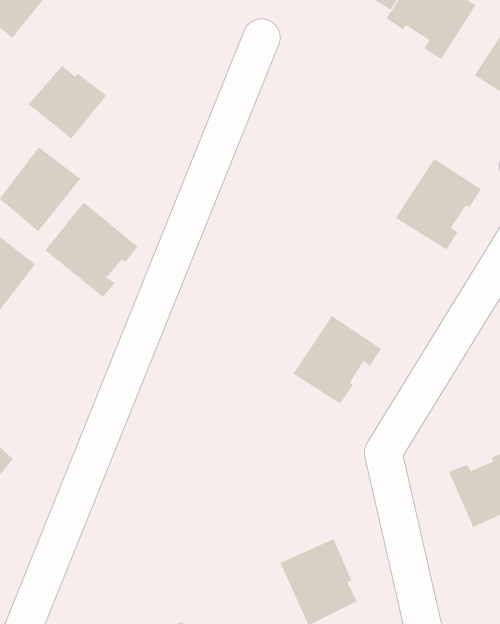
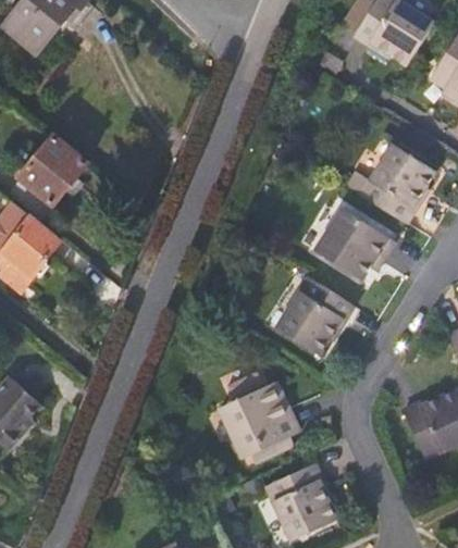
building: [28,65,107,139] -> none
building: [44,202,139,298] -> none
building: none -> [313,211,392,283]
building: none -> [219,371,295,460]

